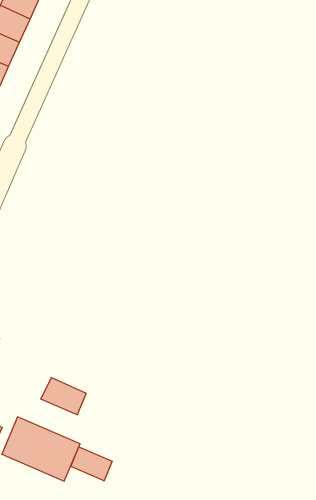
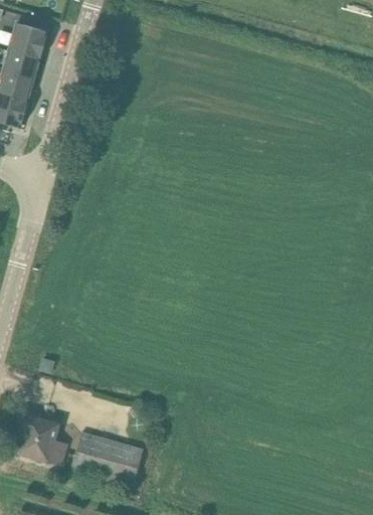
building: [41,378,86,415] -> none
building: [71,447,112,481] -> none

